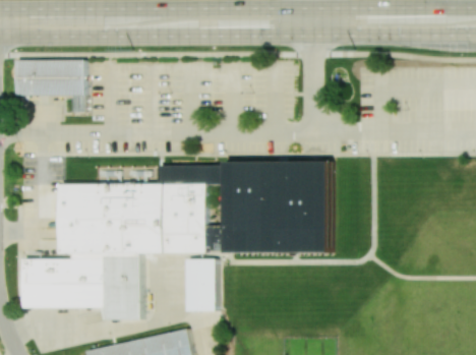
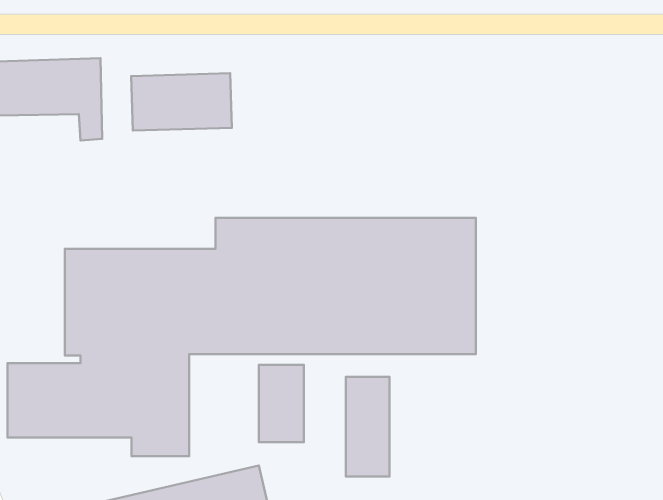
building: none -> [131,73,232,131]
building: none -> [346,377,389,477]

